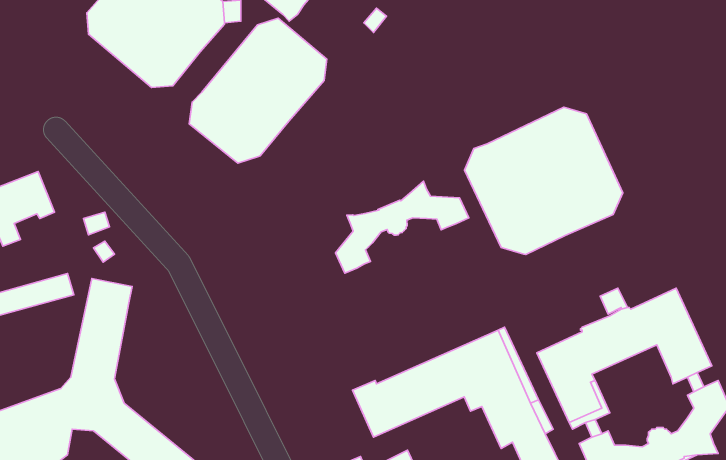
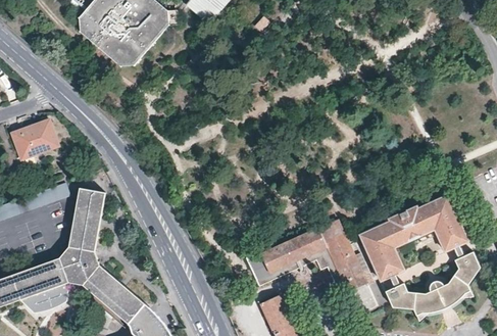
building: [189,18,327,163] -> none
building: [464,107,623,255] -> none
building: [336,181,469,273] -> none

